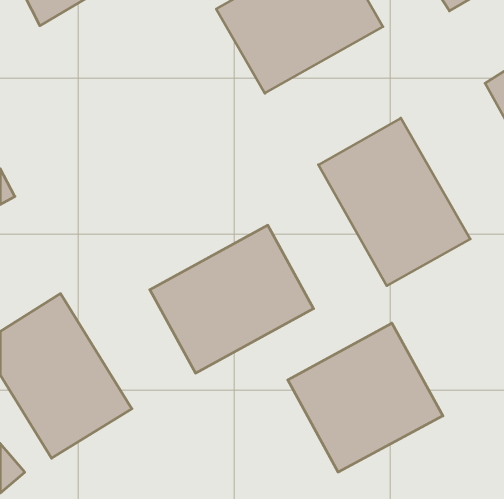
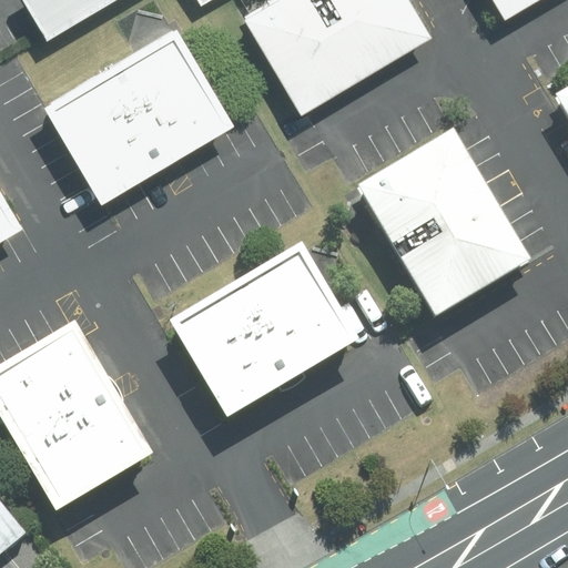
building: none -> [48,26,236,196]
building: [288,323,443,472] -> none

